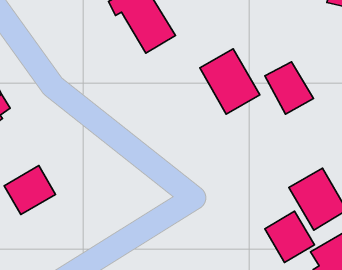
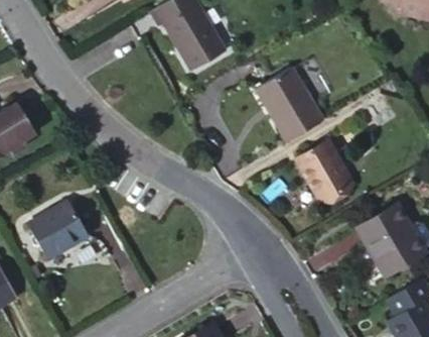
building: [265,62,313,114] -> [297,142,353,203]
building: [265,211,314,262] -> none

